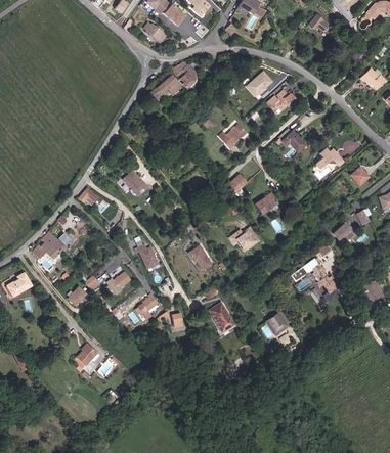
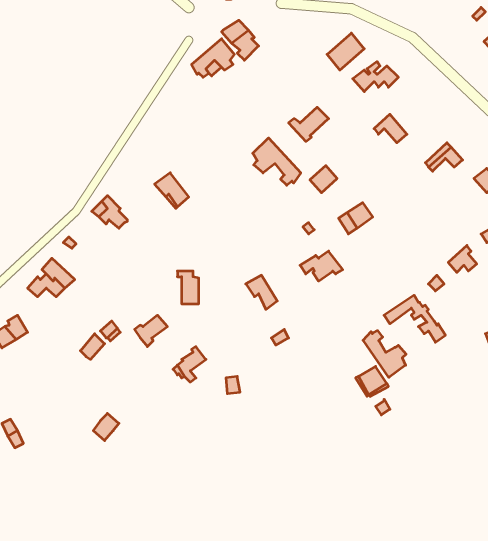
building: none -> [253,138,301,185]
building: none -> [363,331,406,377]
building: [210,301,237,330] -> none

